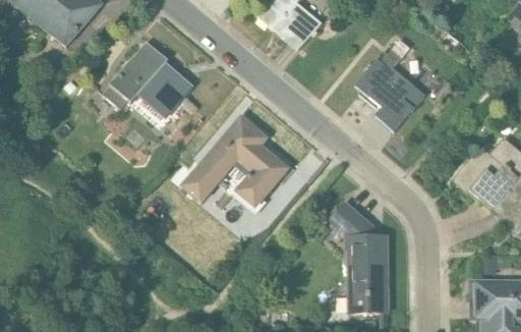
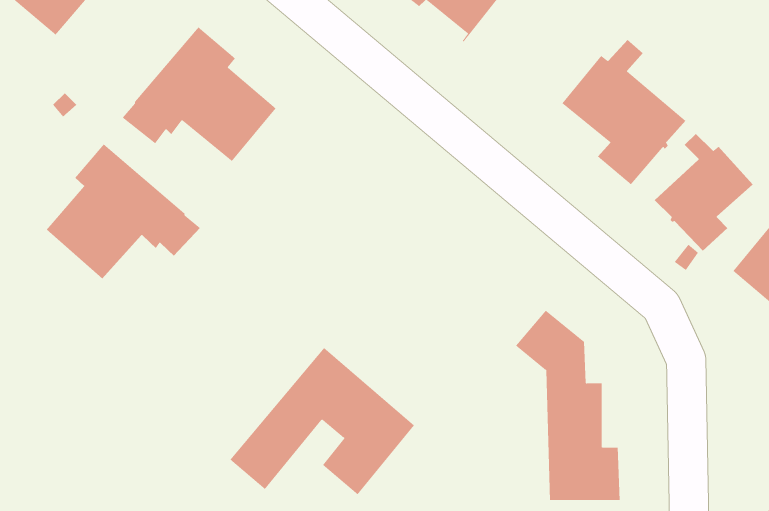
building: none -> [654,133,754,252]
building: none -> [46,144,201,280]
building: [181,122,287,207] -> [230,347,415,495]

